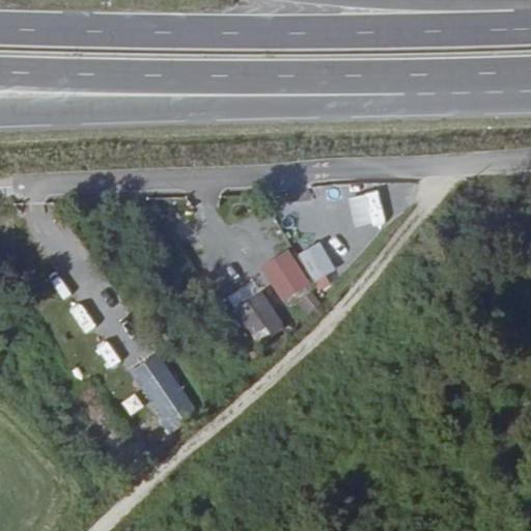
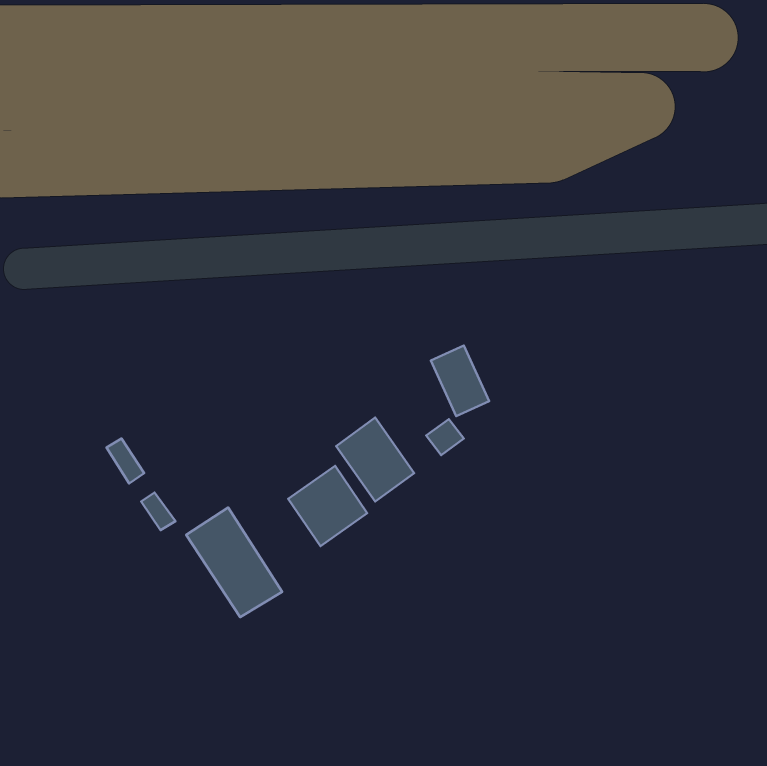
building: [258,247,310,301] -> none
building: none -> [288,466,367,546]

